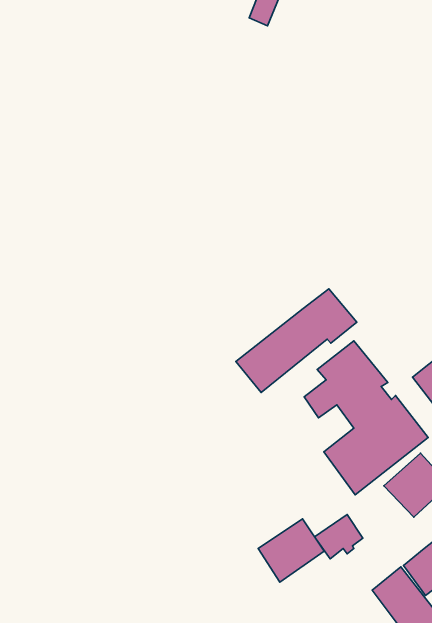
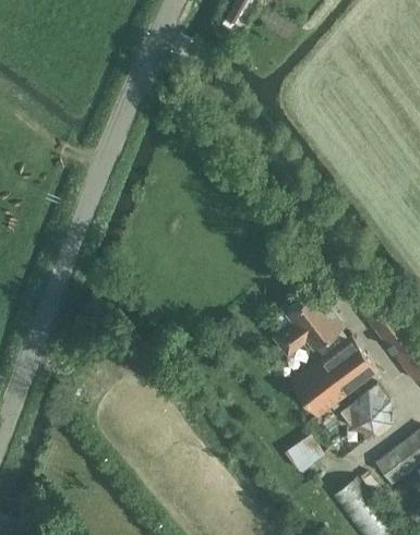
building: [236,289,357,392] -> none
building: [258,519,324,582] -> none

